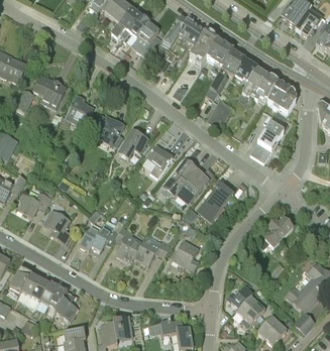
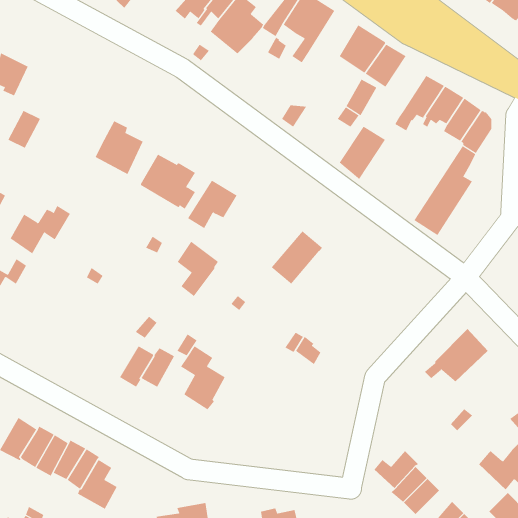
building: [189,32,217,64] -> none
building: [230,58,258,90] -> none
building: [32,75,67,108] -> none
building: [147,145,172,178] -> [177,241,219,297]
building: [177,171,206,203] -> none
building: [198,183,232,221] -> none
building: [18,190,53,218] -> [10,205,71,254]
building: [43,210,72,244] -> none
building: [133,239,170,266] -> none
building: [173,239,199,271] -> none

